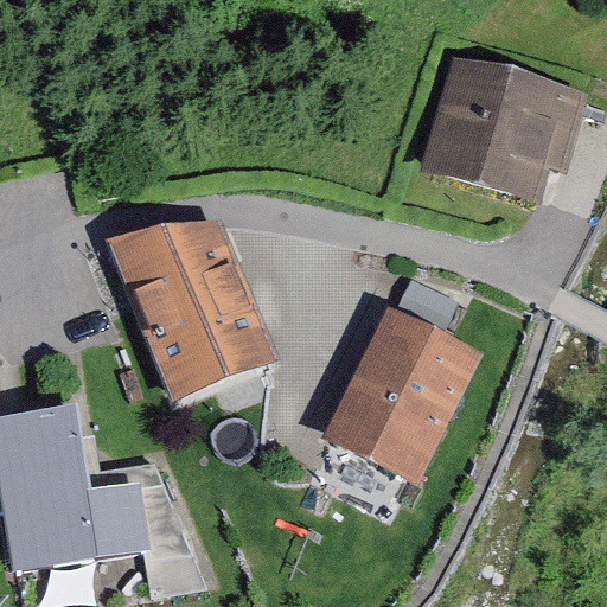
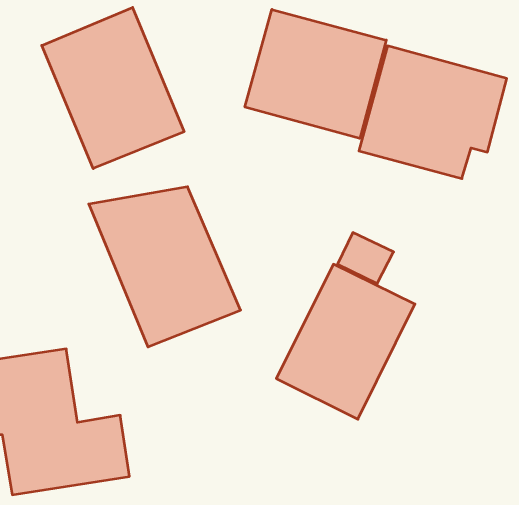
building: none -> [42,7,184,169]
building: none -> [245,9,386,138]

